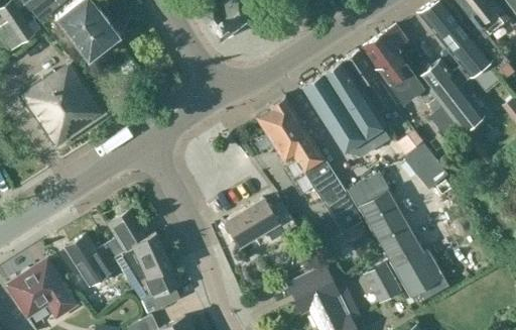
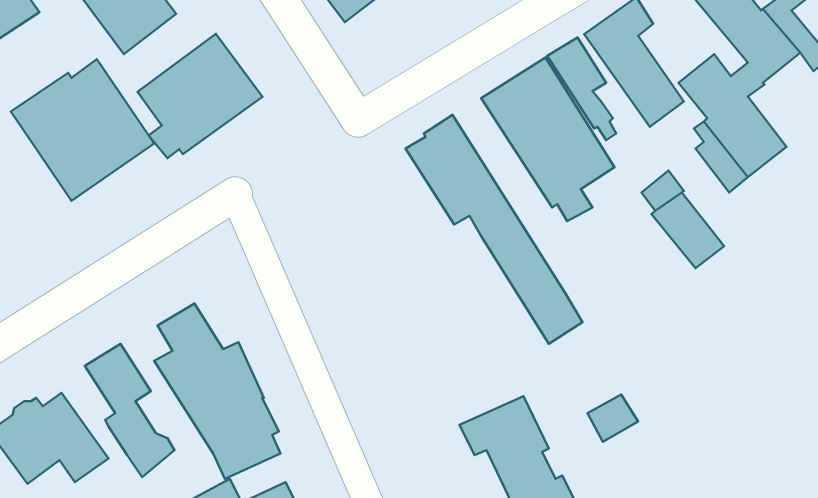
building: none -> [137,34,263,158]
building: [347,174,449,305] -> none
building: [225,195,296,246] -> none

